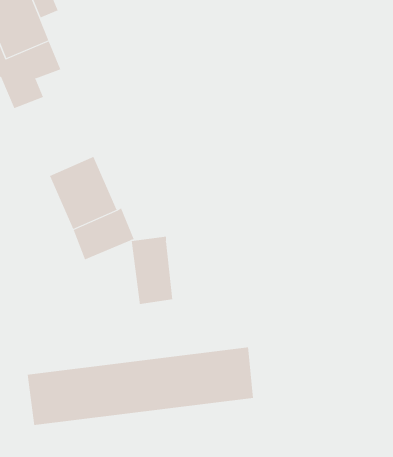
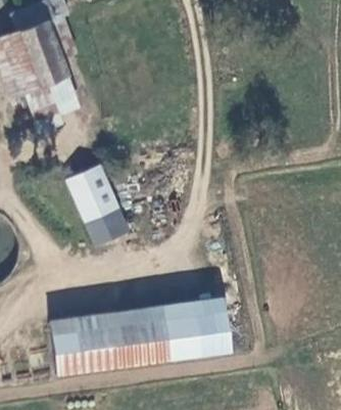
building: [131,236,173,305] -> none

